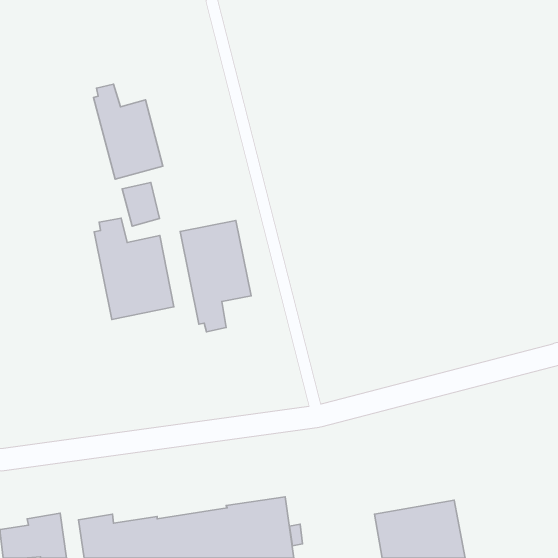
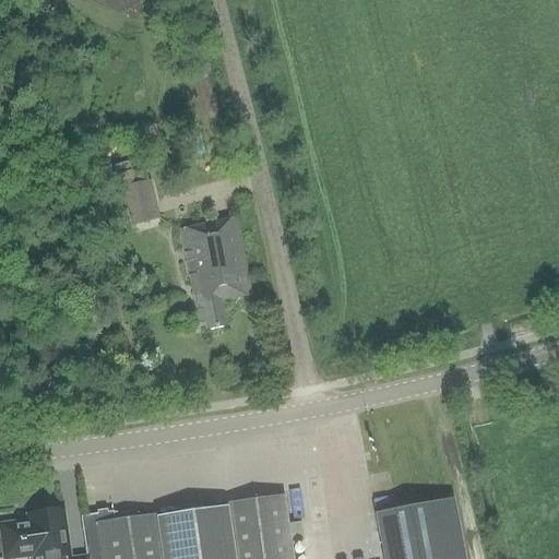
building: [93,84,163,179] -> none
building: [94,218,174,319] -> none

